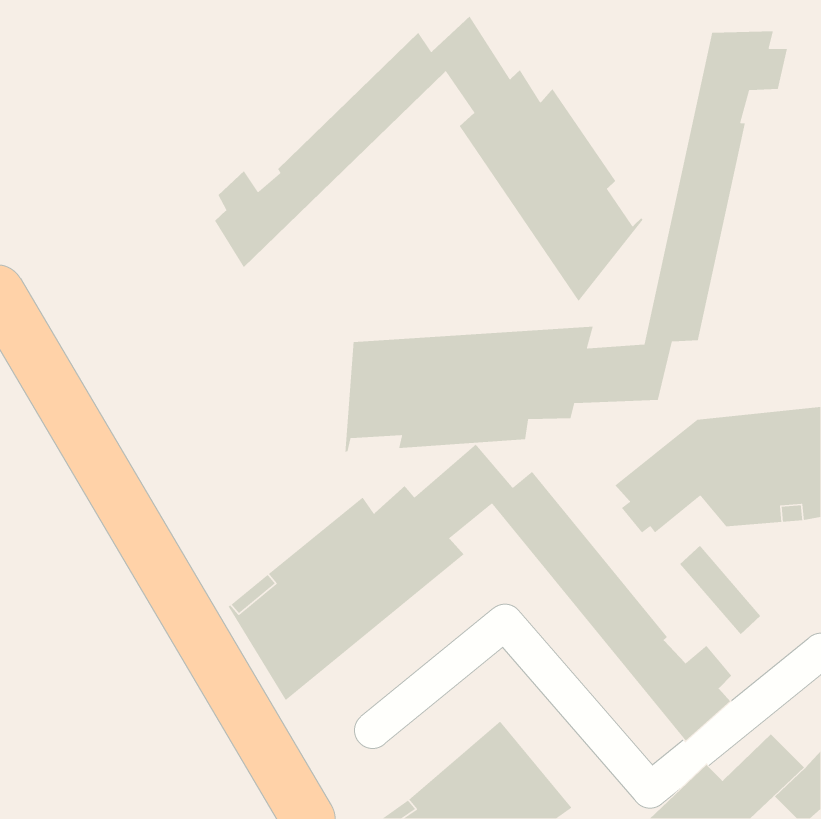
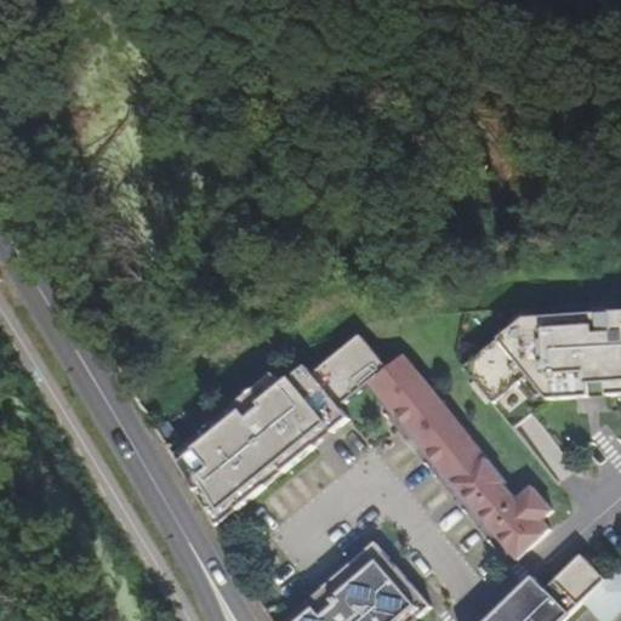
building: [214,15,643,302] -> none
building: [344,31,788,453] -> none

